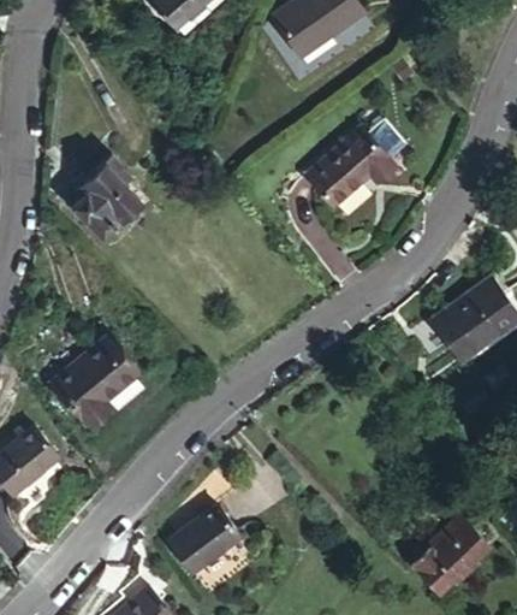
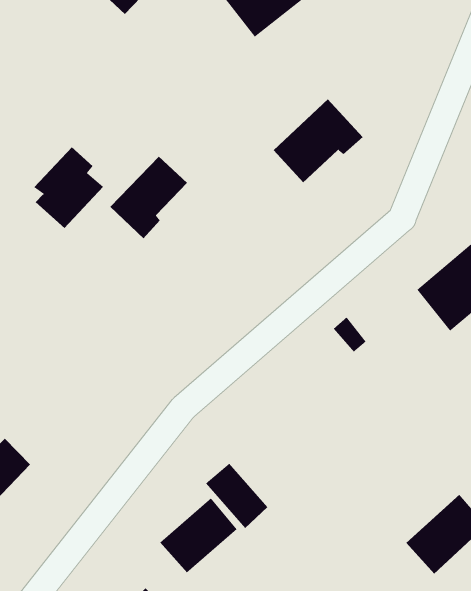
building: none -> [110,156,188,239]
building: [50,338,139,431] -> none
building: none -> [205,463,268,529]

